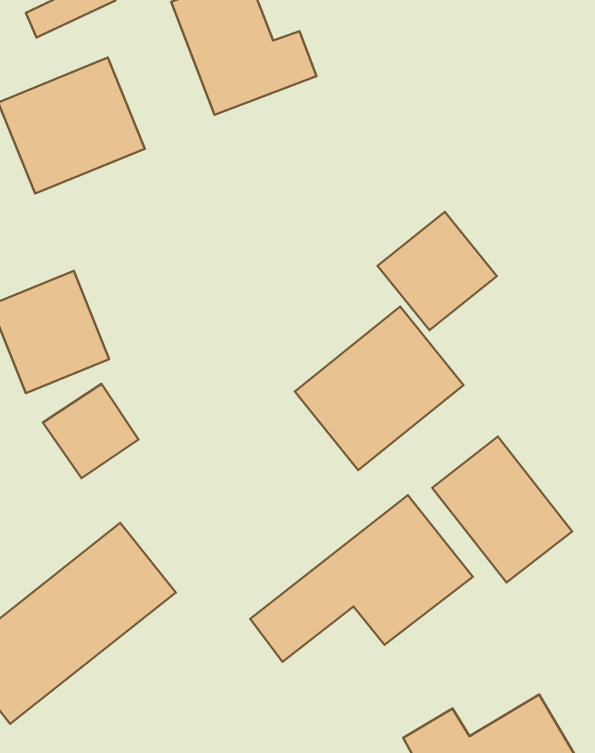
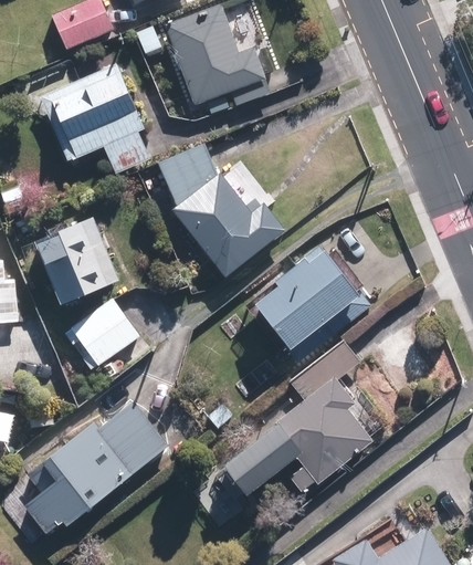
building: none -> [159,144,286,278]
building: [377,212,497,330] -> none
building: [432,437,572,583] -> none

